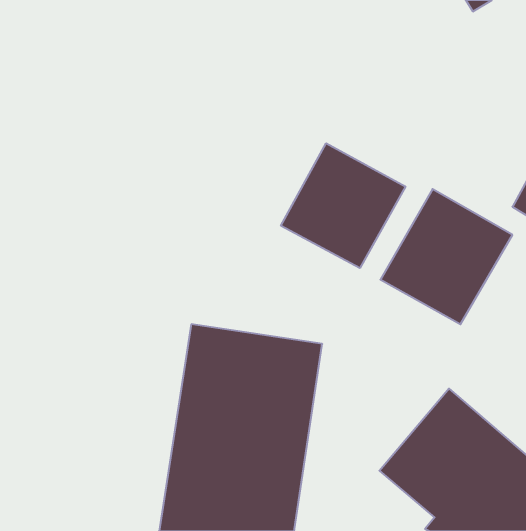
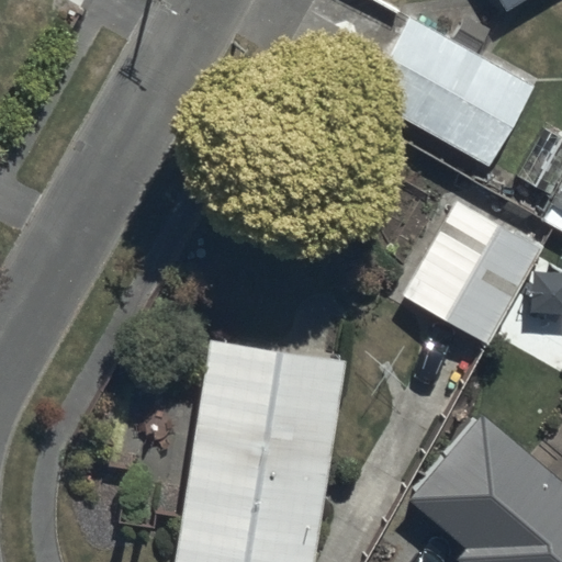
building: none -> [363,13,536,169]
building: [281,143,405,268] -> none

